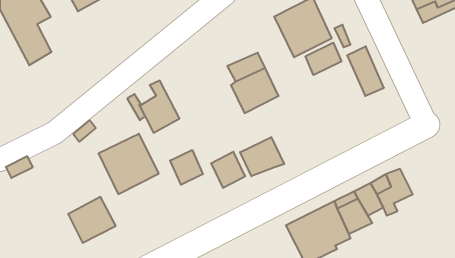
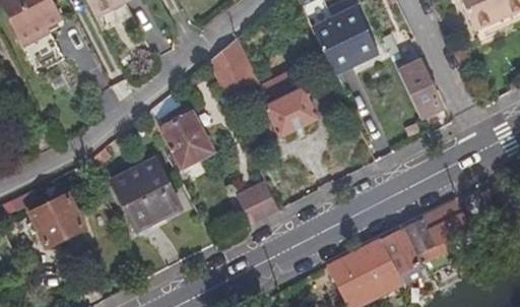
building: none -> [208,38,261,97]
building: [305,43,341,75] -> none
building: [240,137,284,176] -> none
building: [170,150,203,185] -> none
building: [68,197,116,243] -> [28,193,82,245]

